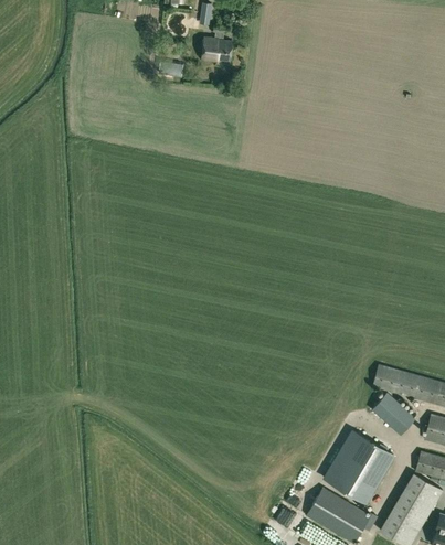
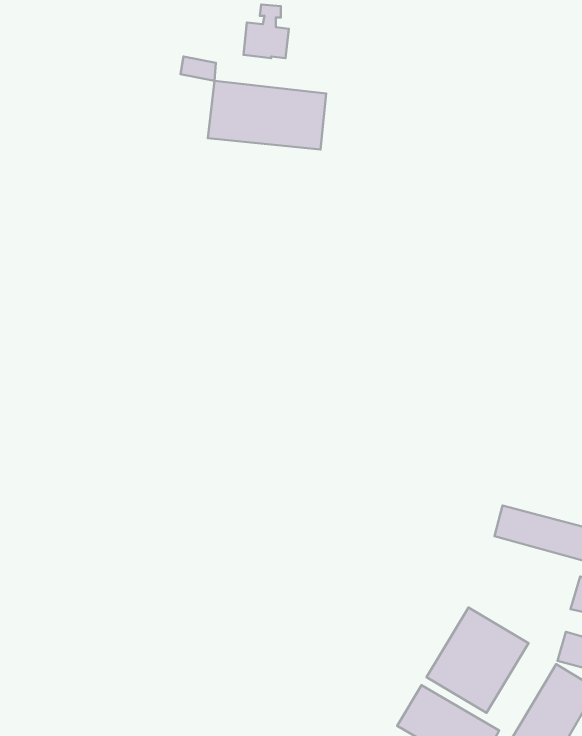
building: none -> [208,81,326,149]
building: [371,392,415,435] -> none

